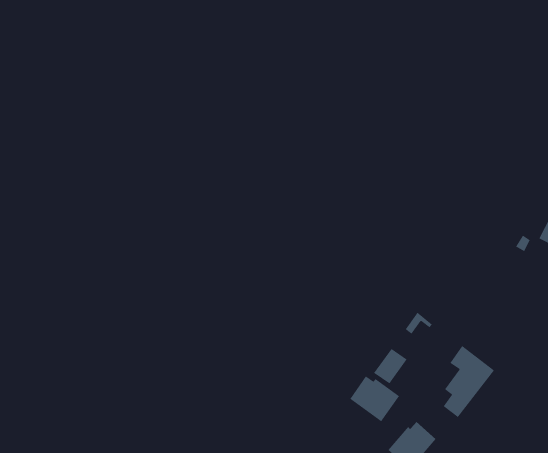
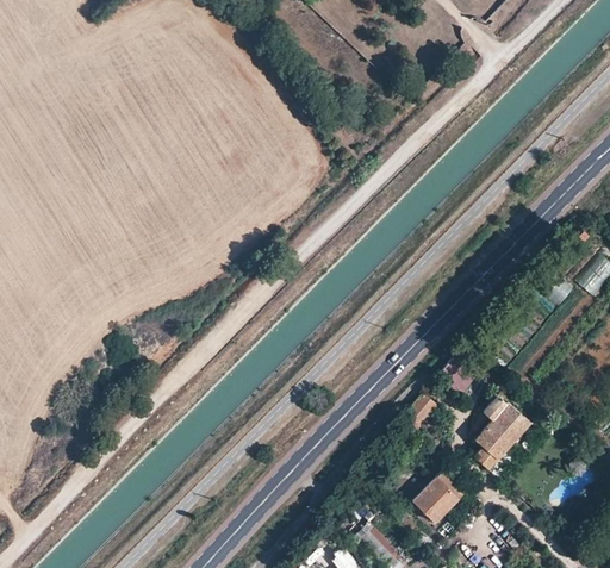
building: [349,376,400,422] -> none

